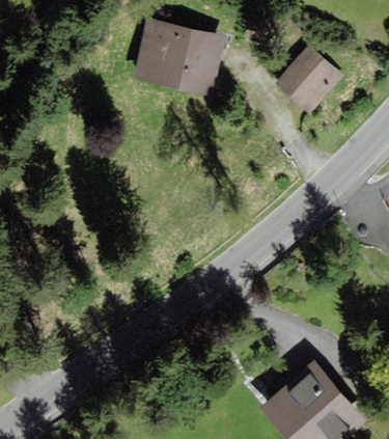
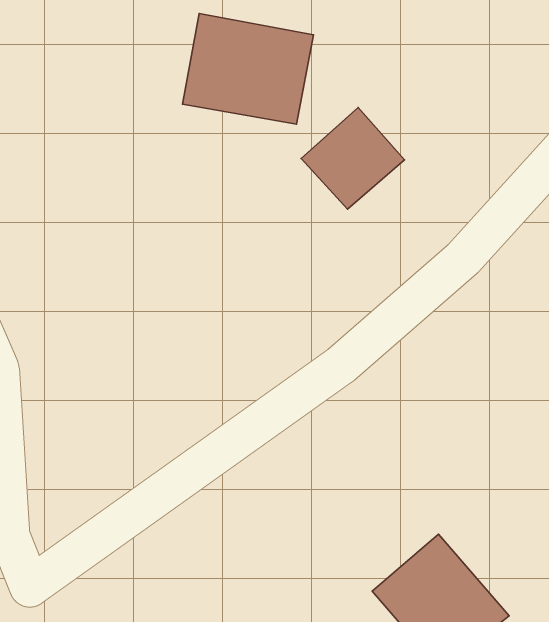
building: [273,37,342,106] -> [301,108,405,209]

